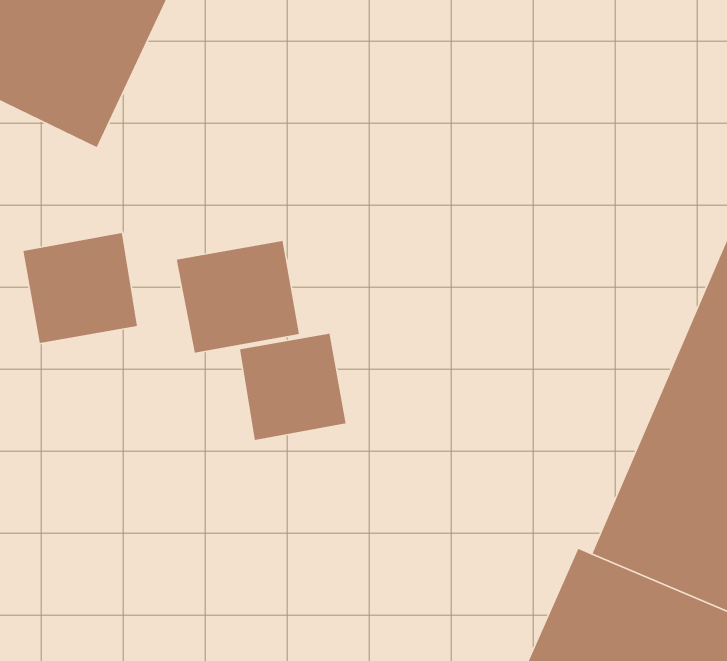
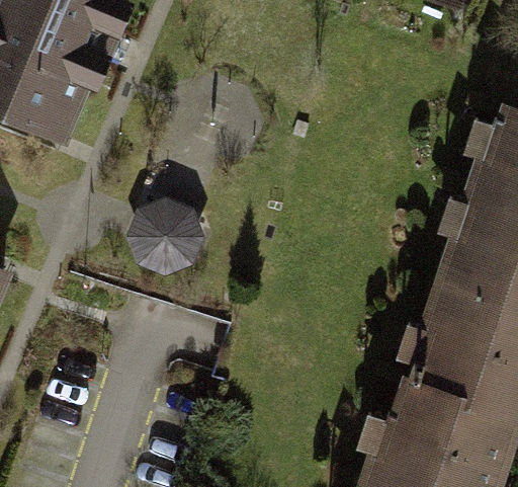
building: [22,232,138,344] -> none
building: [239,333,347,441] -> none

